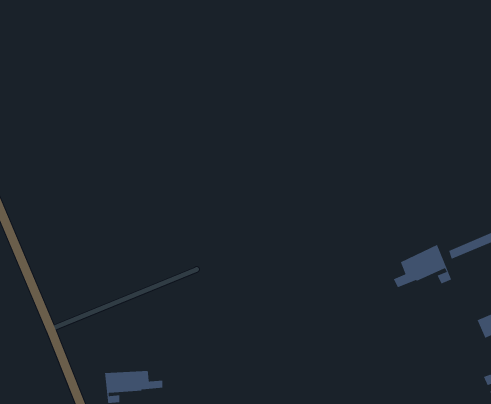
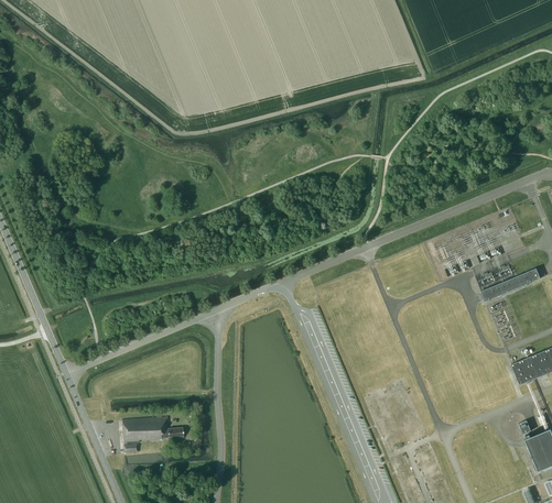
building: [393,244,452,288] -> none

